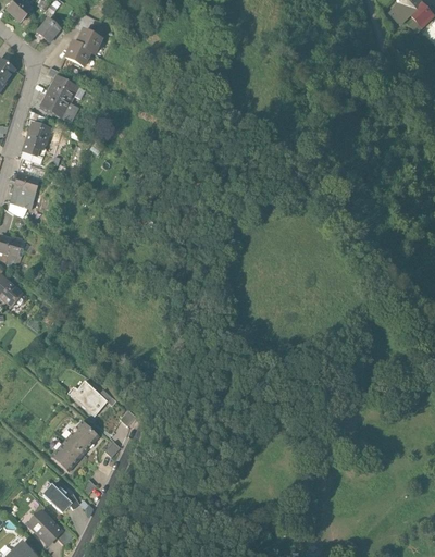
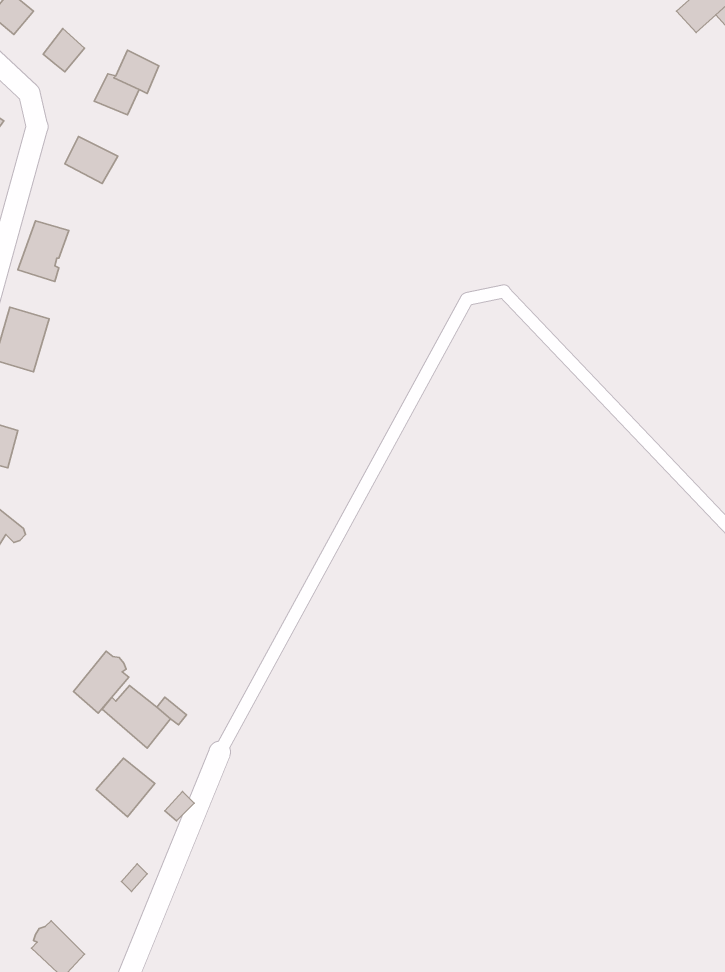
building: [39,92,69,120] -> none
building: none -> [74,651,129,713]
building: [51,440,83,471] -> none
building: [41,483,78,513] -> none

